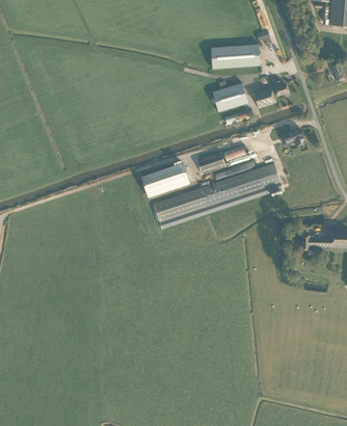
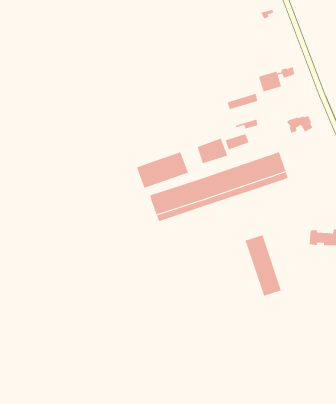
building: [210,43,260,68] -> none
building: [212,81,247,110] -> none
building: none -> [245,235,282,297]

